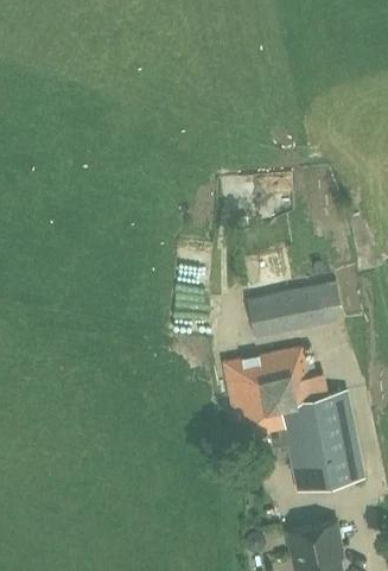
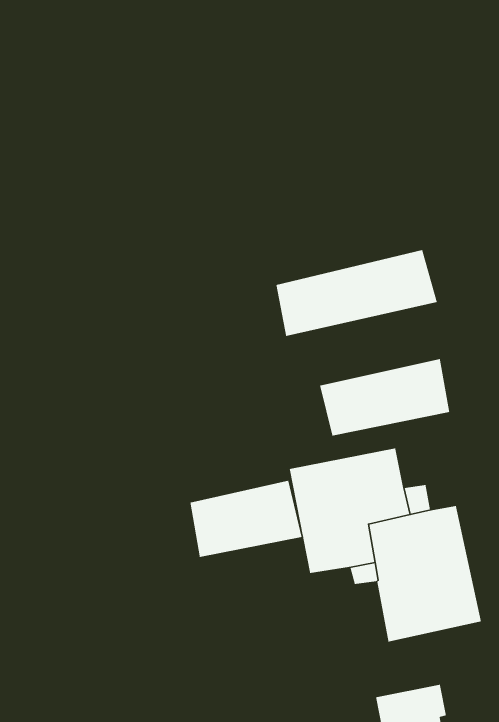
building: none -> [276,249,438,337]
building: none -> [189,480,302,558]

